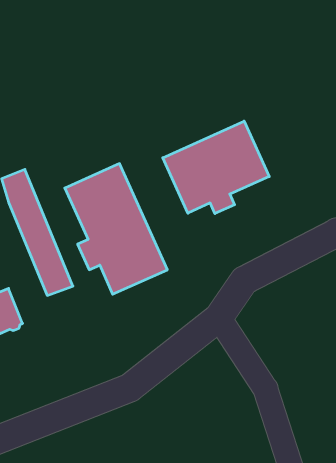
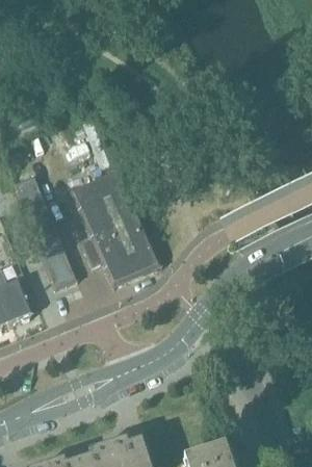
building: [163,121,269,214] -> none

